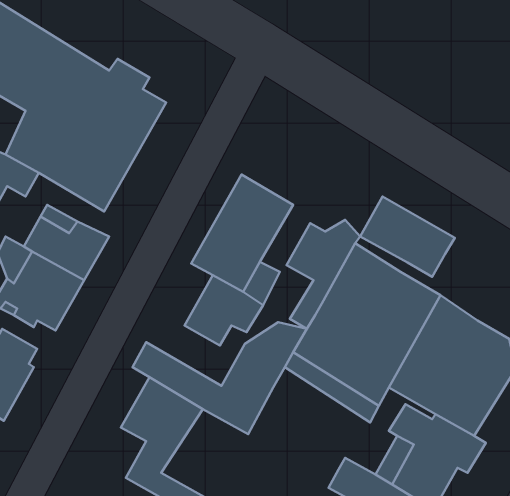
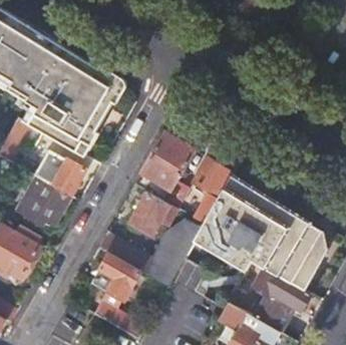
building: [360,196,455,277] -> none

